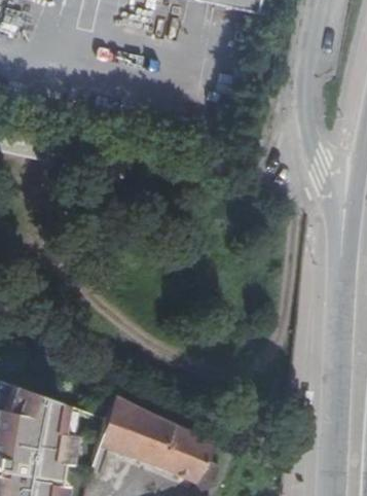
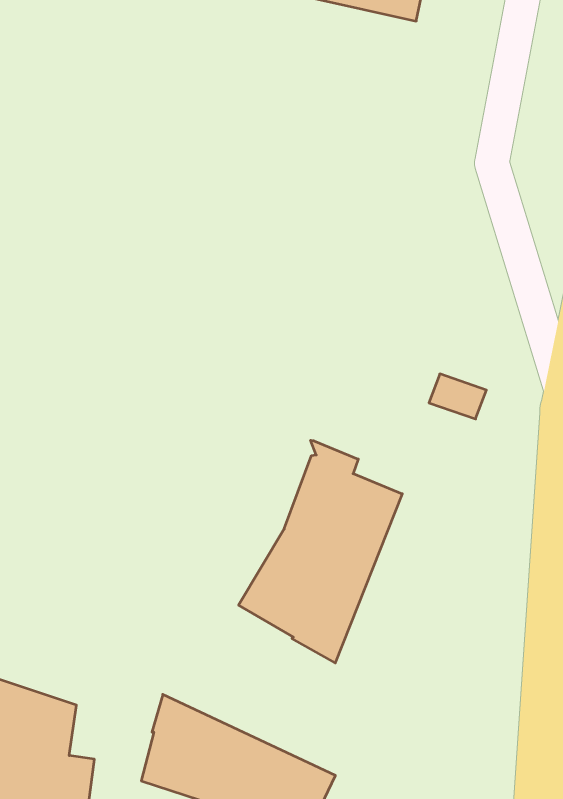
building: none -> [239,440,402,663]

